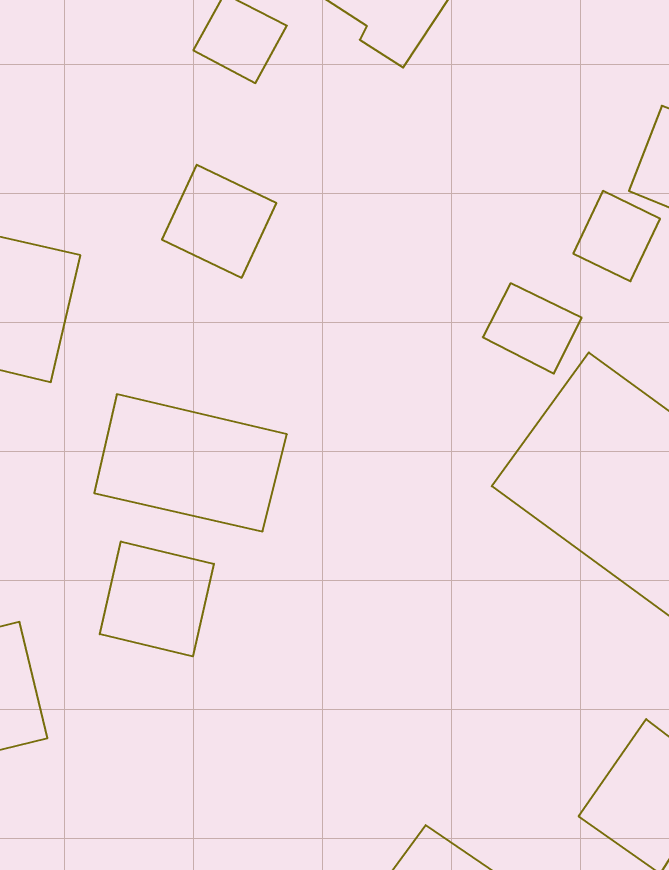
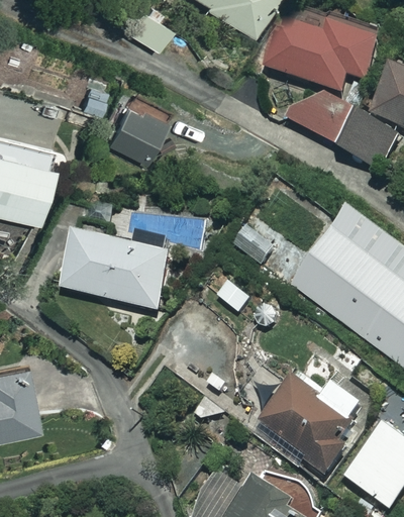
building: none -> [267,19,383,93]
building: [483,283,582,374] -> [294,91,351,143]
building: [100,541,214,656] -> none
building: none -> [259,375,363,474]

